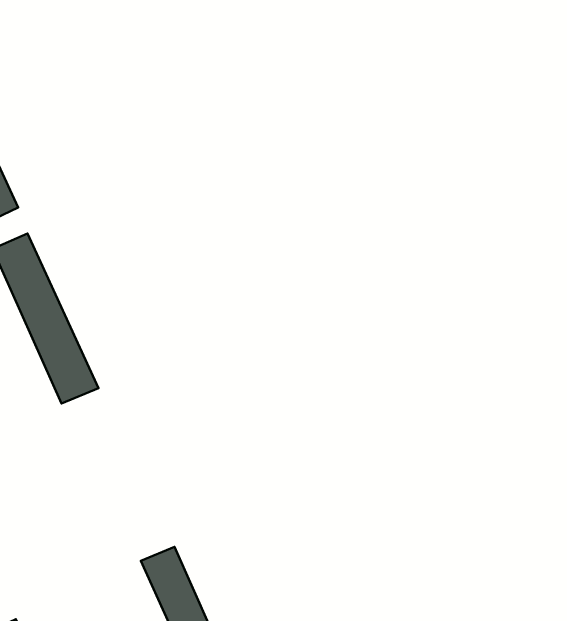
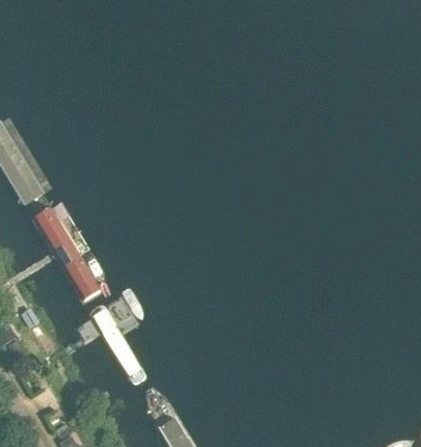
building: none -> [87,304,147,383]

